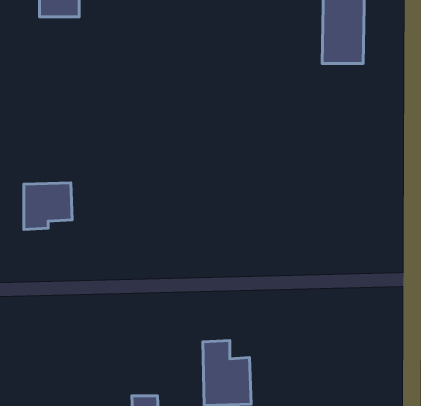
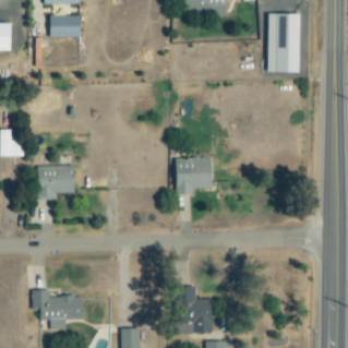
building: none -> [176,156,213,194]
building: none -> [33,289,83,329]

